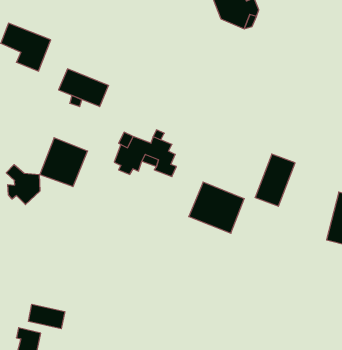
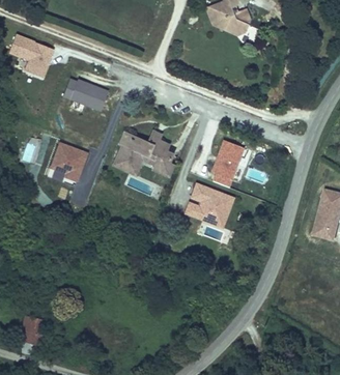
building: [255,154,295,206] -> [208,137,246,185]
building: [6,165,40,205] -> none
building: [28,304,65,329] -> none

